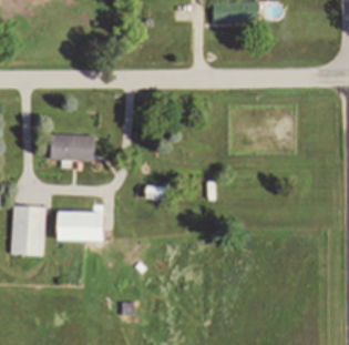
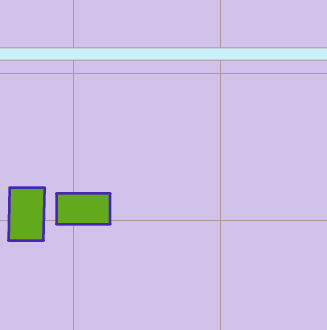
building: [50,134,94,160] -> none

